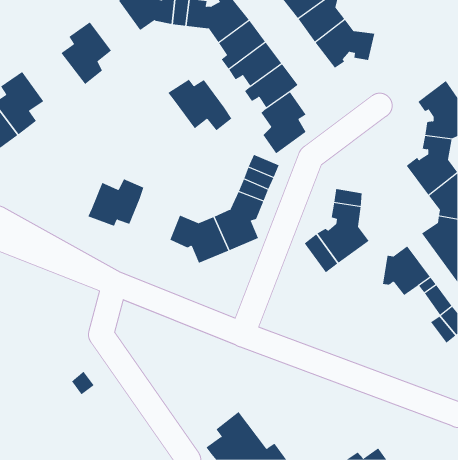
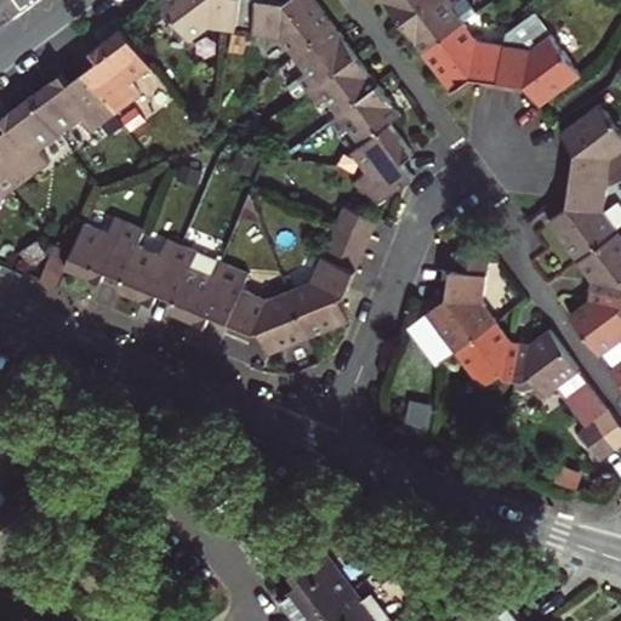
building: none -> [496,17,581,108]
building: none -> [30,72,114,136]
building: [168,79,232,131] -> none
building: none -> [65,218,143,283]
building: none -> [171,262,247,325]
building: none -> [455,324,520,388]

